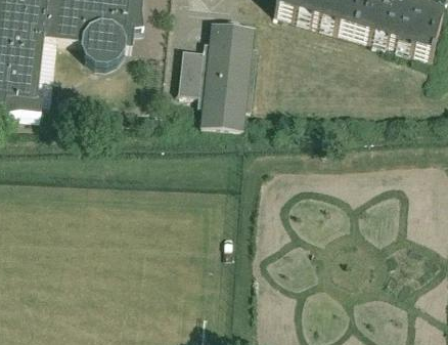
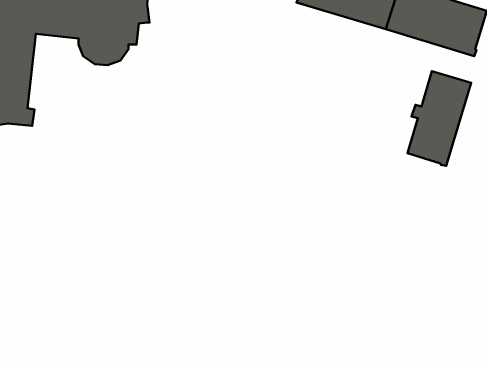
building: [175,19,258,128] -> none
building: none -> [407,71,471,166]

